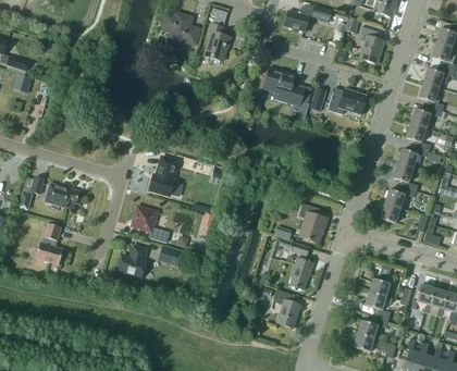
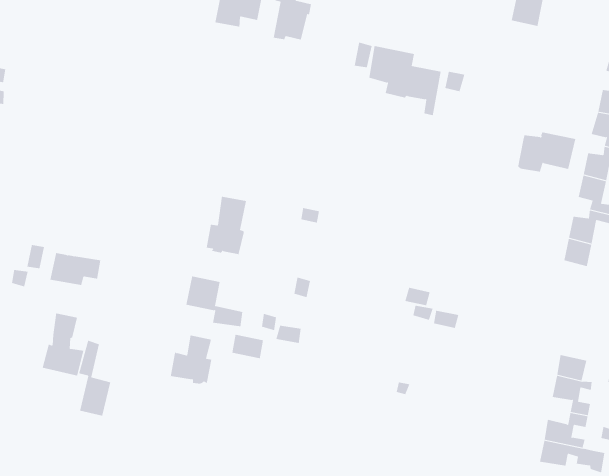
building: [326,88,367,114] -> [517,132,576,172]
building: [298,203,328,243] -> none
building: none -> [78,340,111,417]
building: [289,258,313,289] -> none
building: [272,289,299,327] -> none

